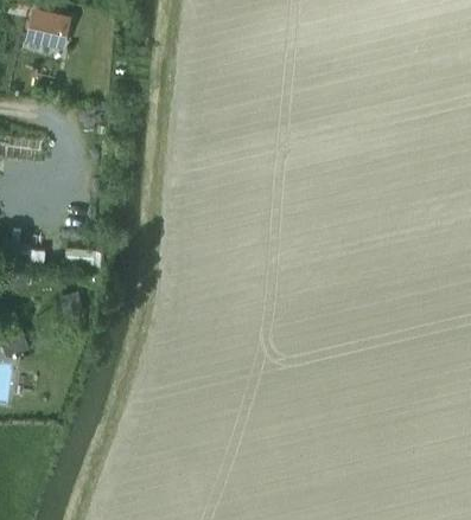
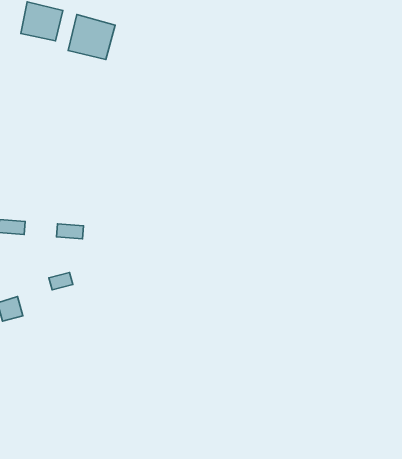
building: none -> [68,15,115,59]

